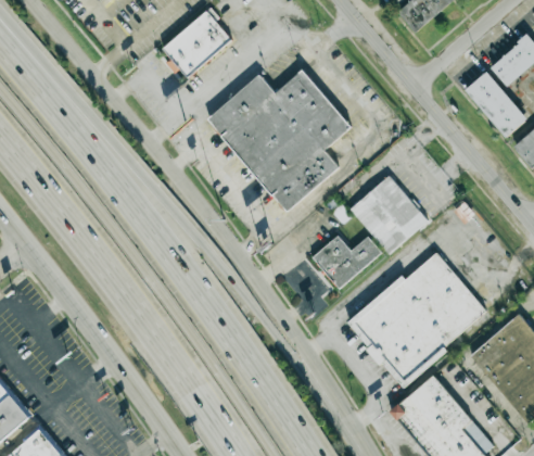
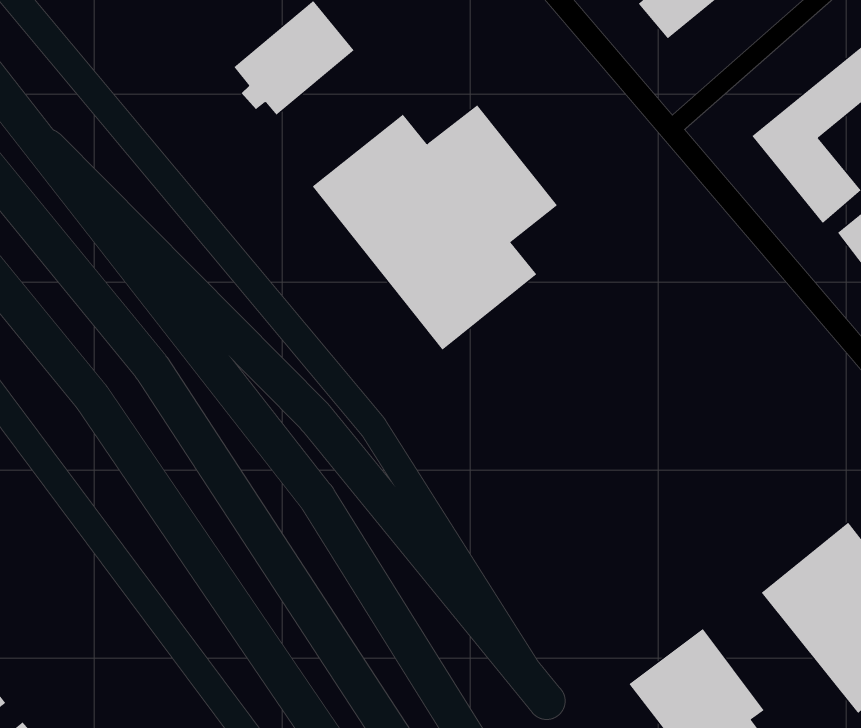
building: [310,175,427,290] -> none
building: [347,250,488,385] -> none

